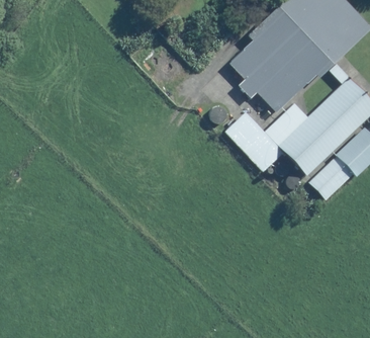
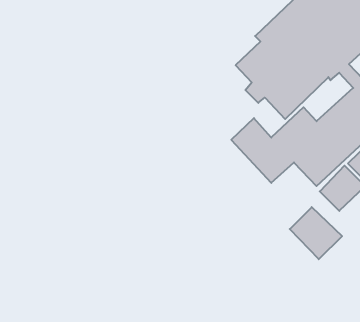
building: none -> [290,207,342,259]

